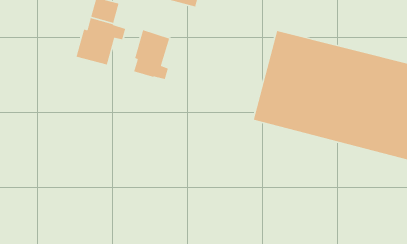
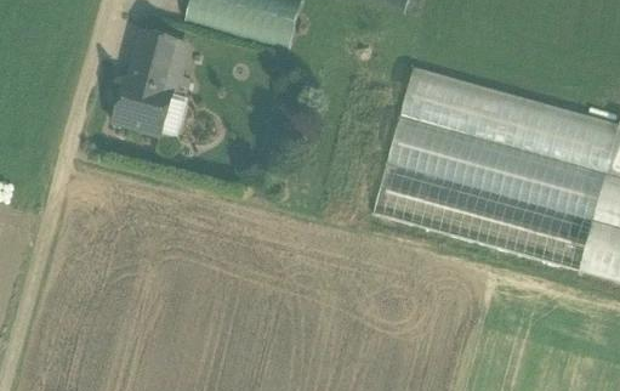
building: [133,29,170,80] -> none

